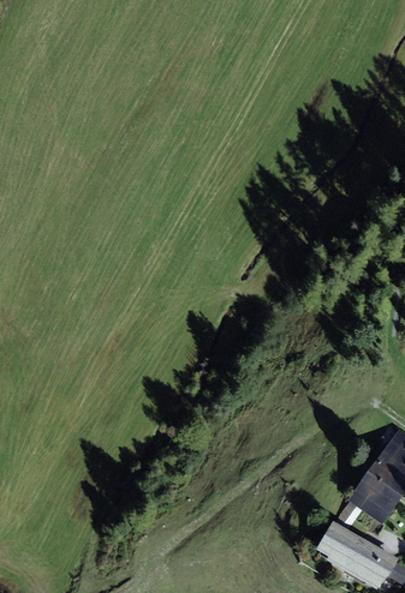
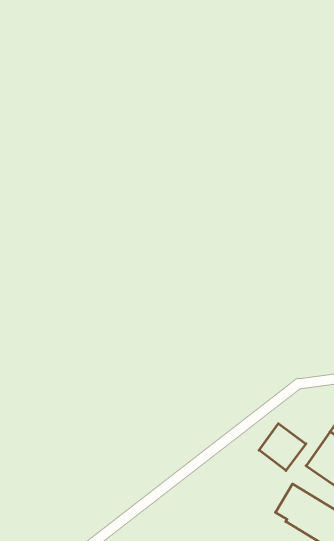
building: none -> [259,424,306,471]

